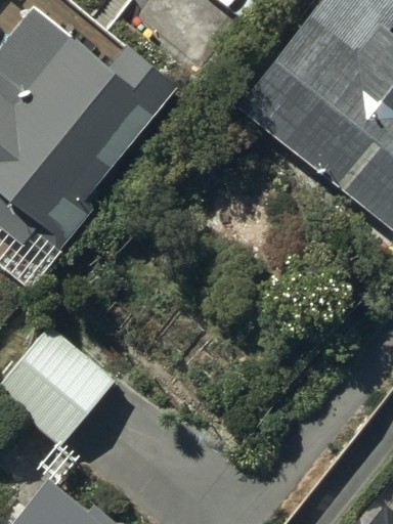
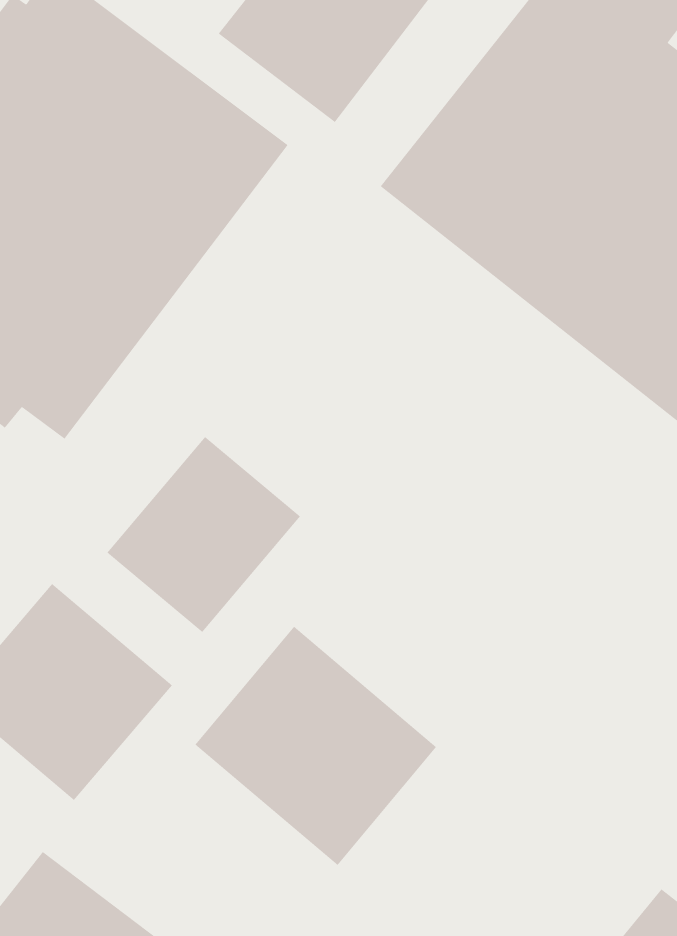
building: none -> [106,436,301,633]
building: none -> [195,626,437,866]

